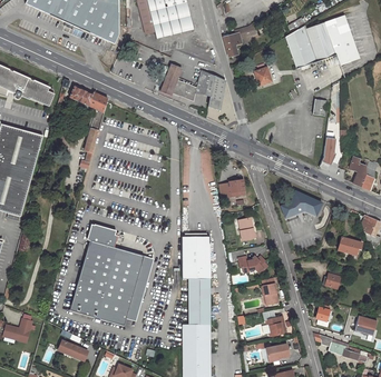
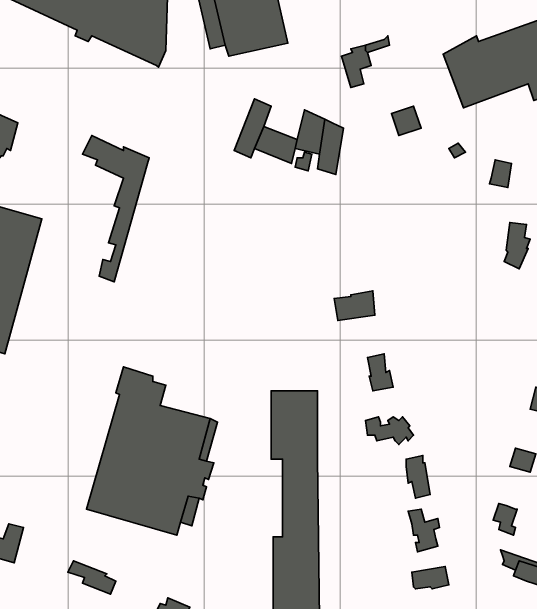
building: [25,77,53,105] -> none
building: [281,189,322,216] -> none

